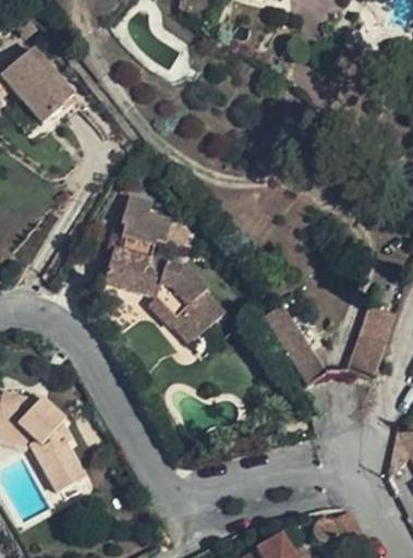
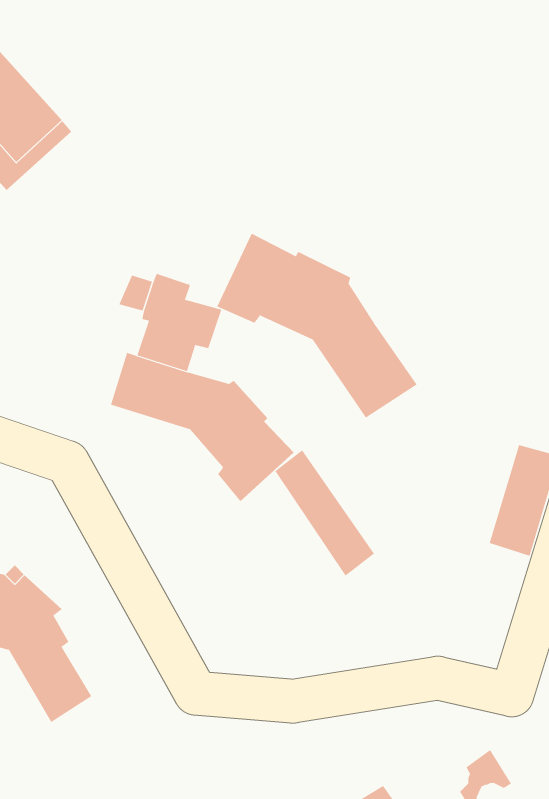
building: none -> [216,233,418,419]
building: [263,301,329,385] -> [274,450,375,576]

